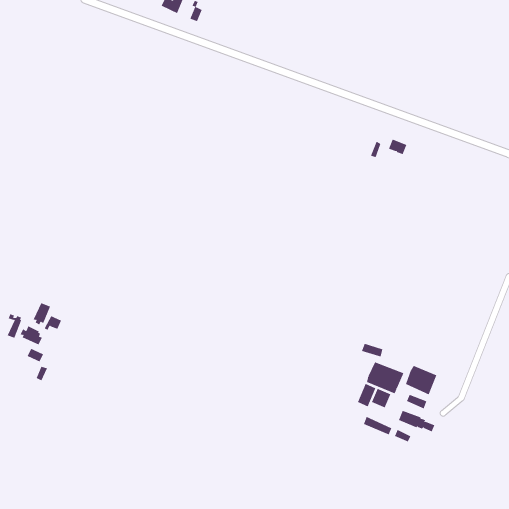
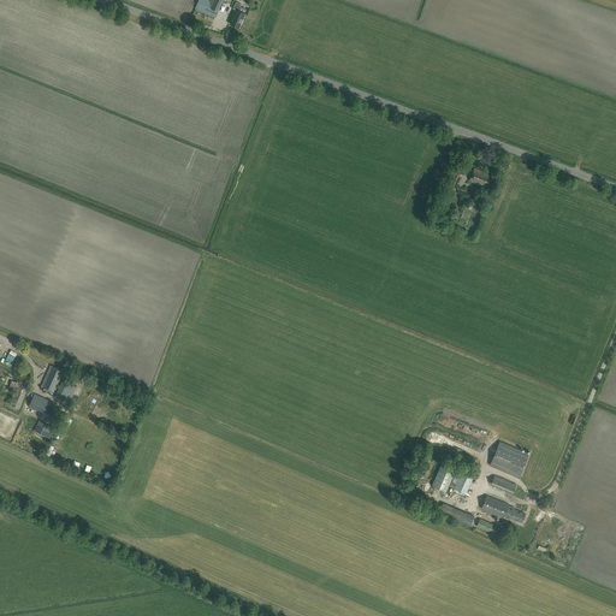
building: [366,362,404,394] -> none

